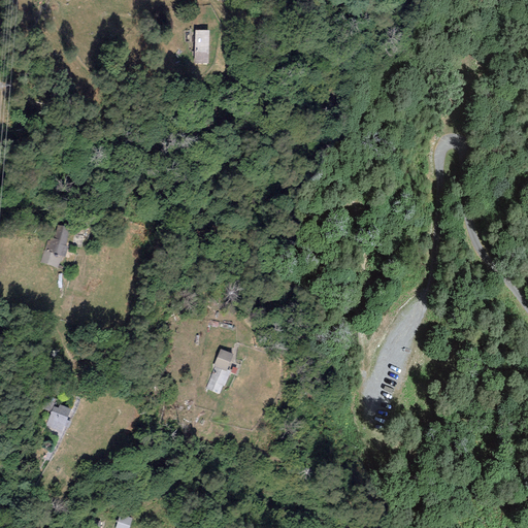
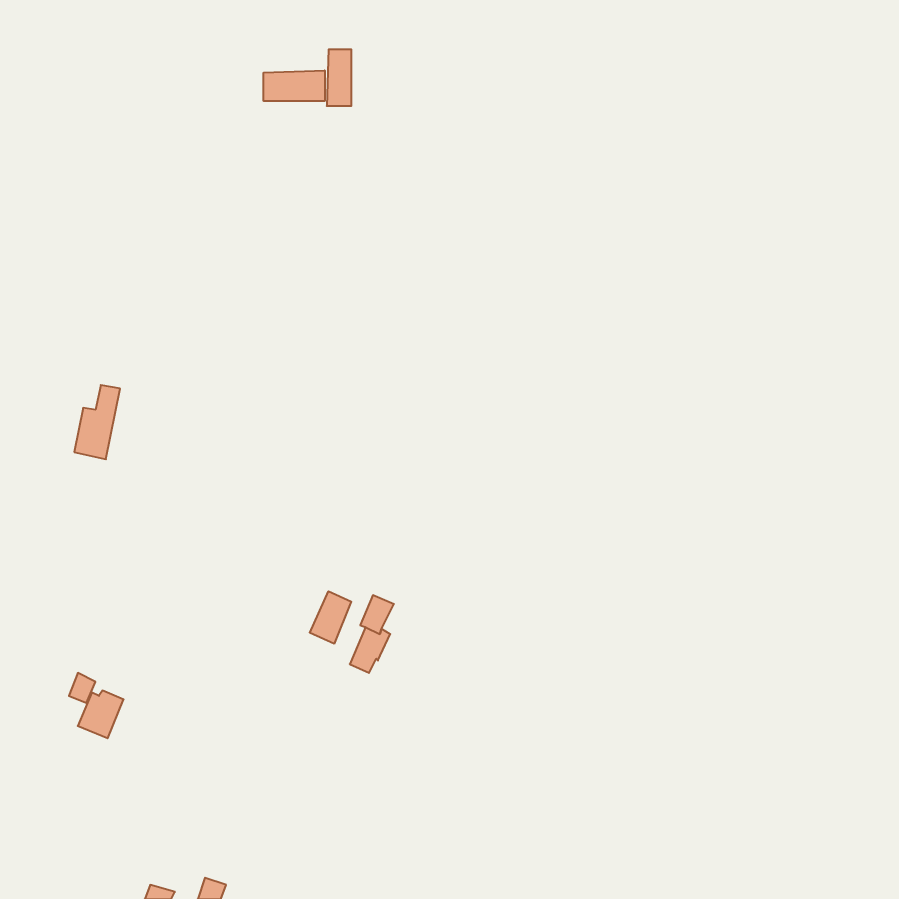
building: none -> [264,70,325,101]
building: none -> [310,591,351,644]

